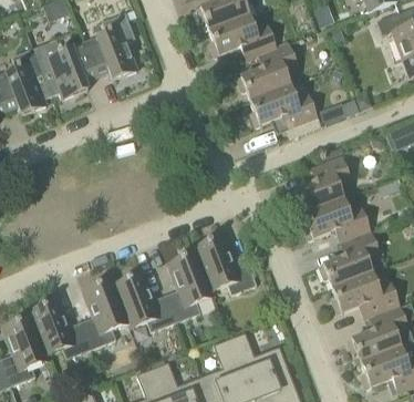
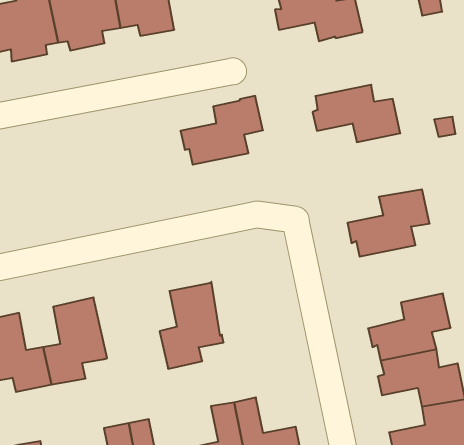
building: [237,42,298,101] -> [180,96,263,165]
building: [303,198,370,243] -> none
building: [194,236,257,293] -> none
building: [114,272,176,331] -> none

